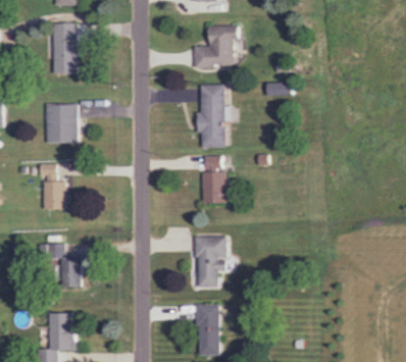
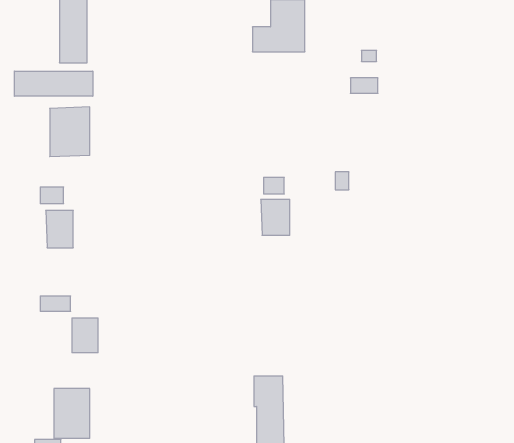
building: none -> [14,71,93,96]
building: [201,86,224,147] -> none
building: [194,239,224,285] -> none

